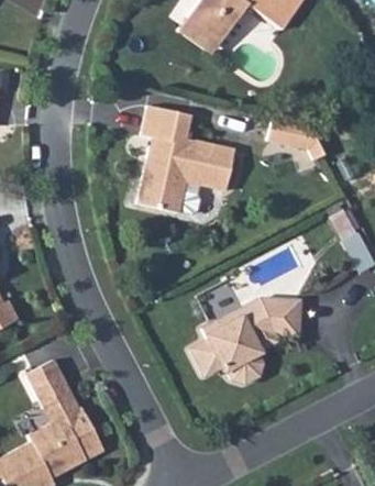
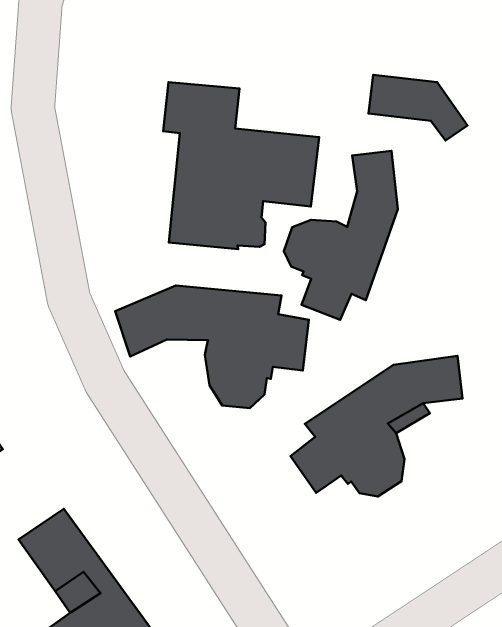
building: none -> [284,151,398,320]
building: none -> [115,285,309,408]

